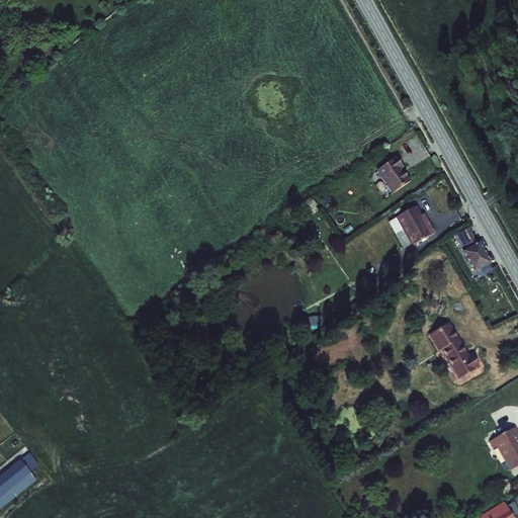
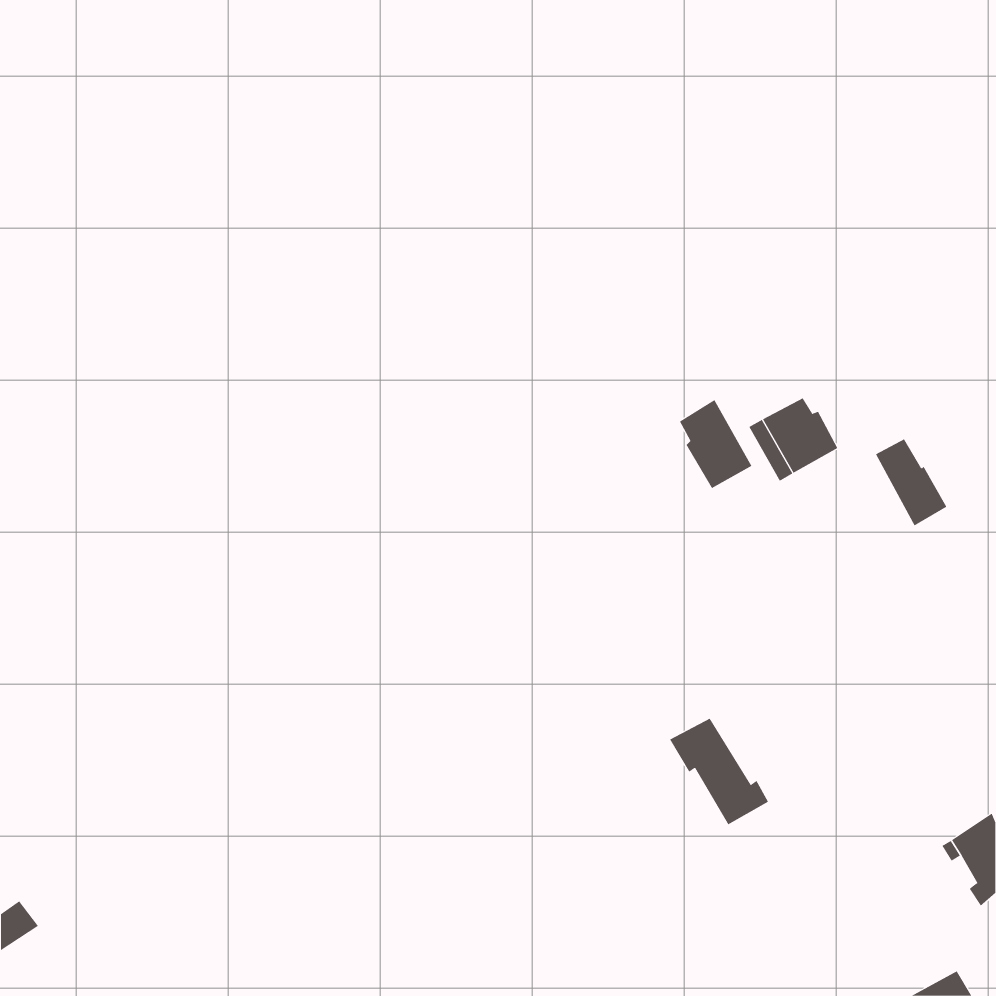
building: [377,157,412,193] -> none
building: none -> [679,399,752,489]
building: [429,324,481,379] -> [669,718,769,825]

